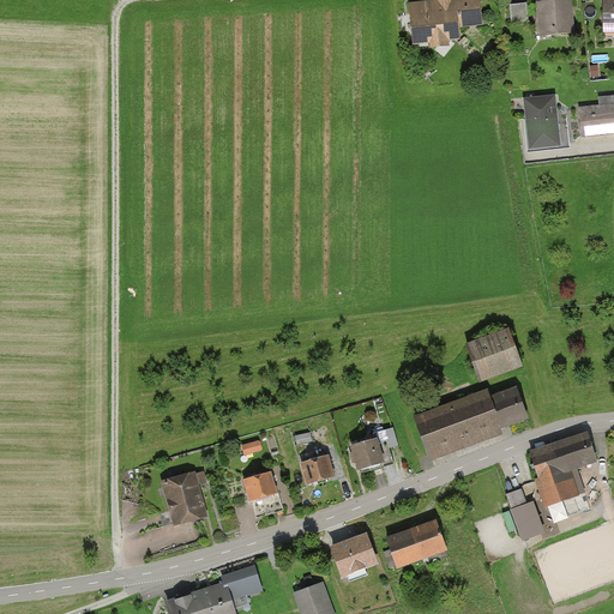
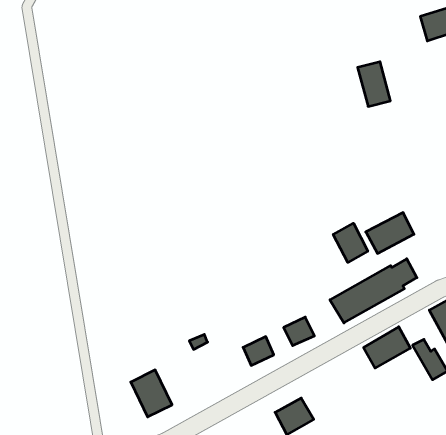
building: [523,96,555,146] -> [358,62,390,106]
building: none -> [333,223,368,262]
building: [246,471,279,500] -> none
building: [386,519,441,564] -> [364,327,410,368]

